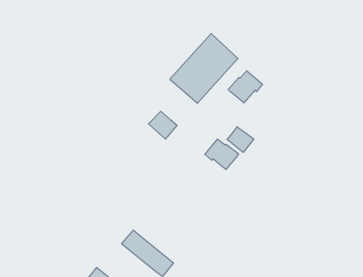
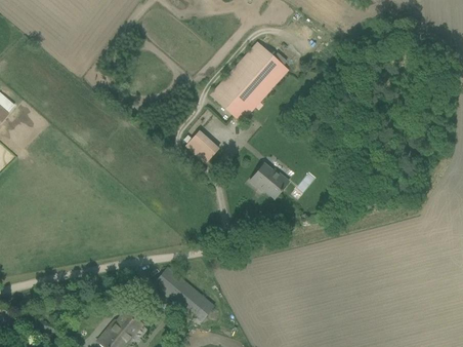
building: [228,71,262,103] -> none
building: [227,127,254,152] -> none

